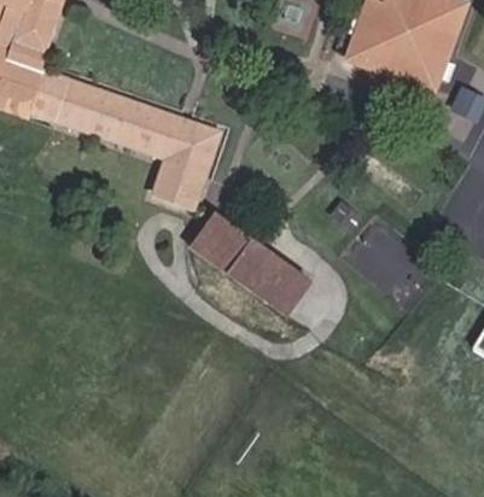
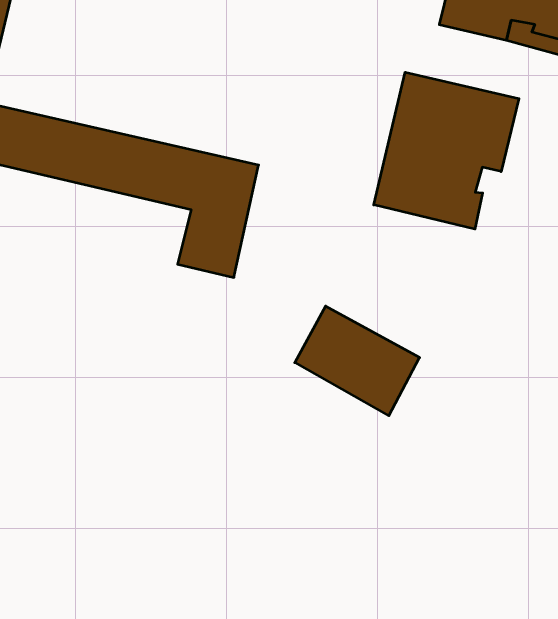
building: none -> [374,72,519,229]
building: [194,214,255,273] -> none

